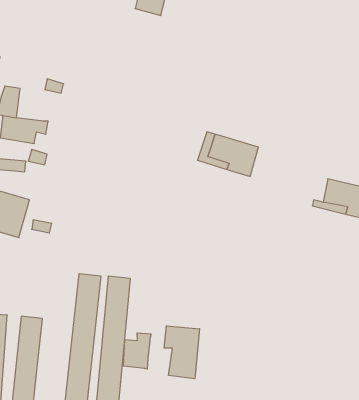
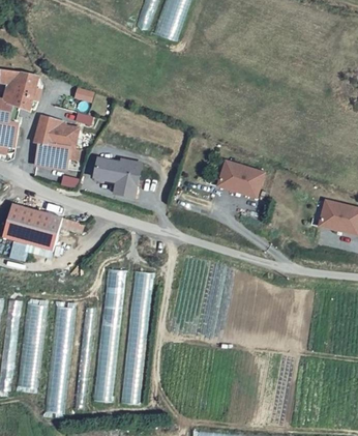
building: none -> [50,119,77,148]
building: none -> [93,157,140,196]
building: [164,326,200,379] -> none
building: [123,333,151,369] -> none

